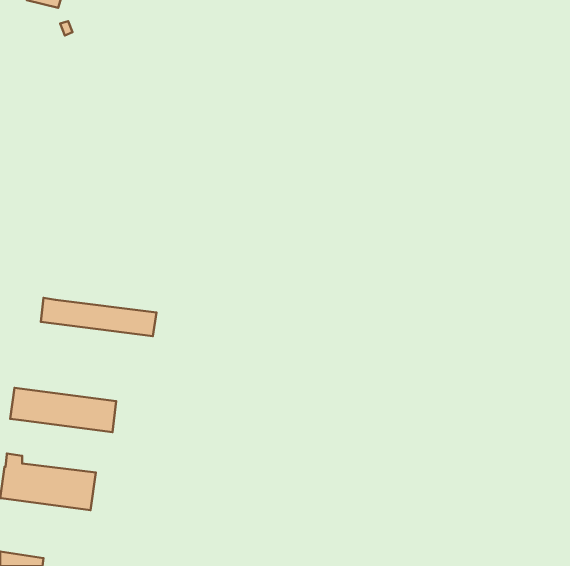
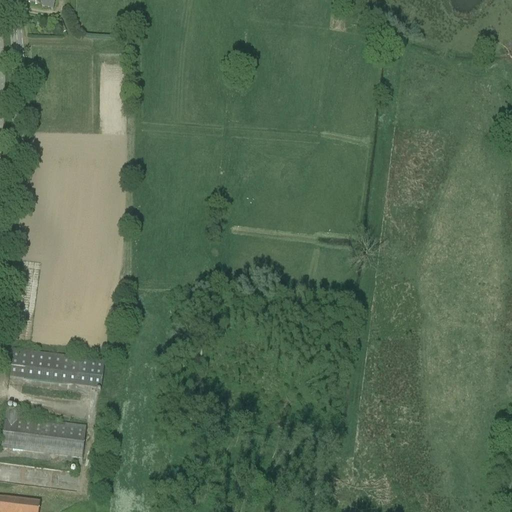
building: [41,298,157,336] -> none

